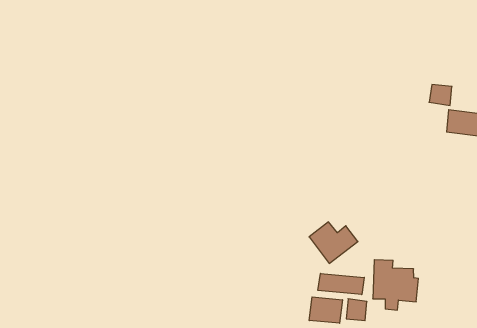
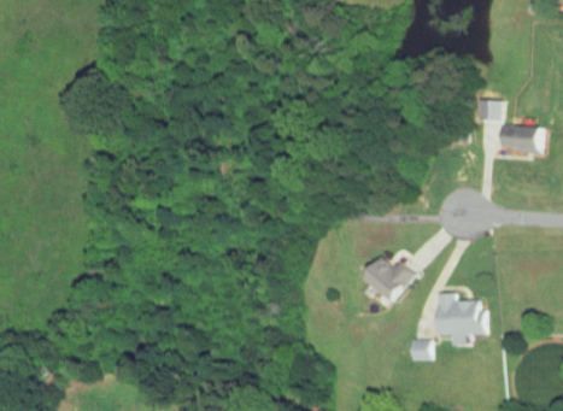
building: [318,273,364,295] -> none
building: [309,297,342,323] -> none

